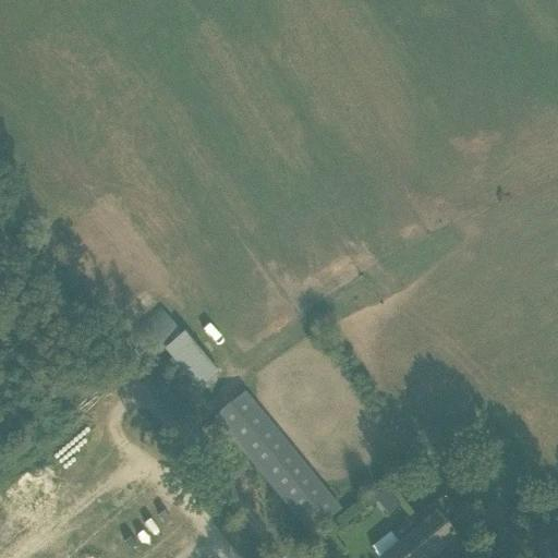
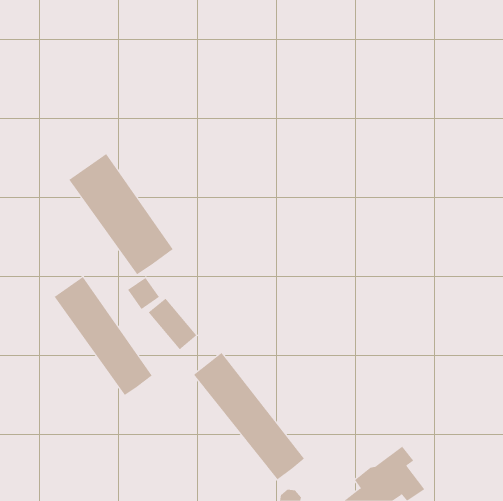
building: none -> [68,153,173,275]
building: none -> [54,276,153,396]

